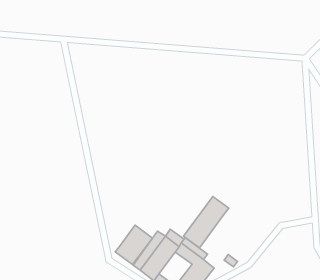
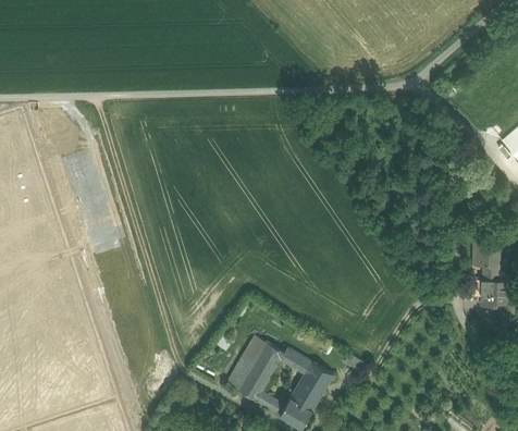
building: [183,197,229,248] -> none
building: [115,225,153,265] -> none

